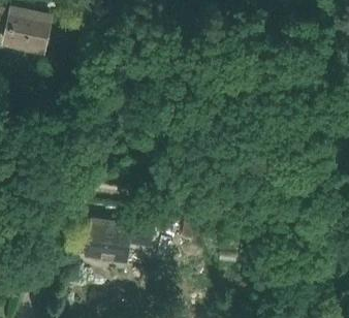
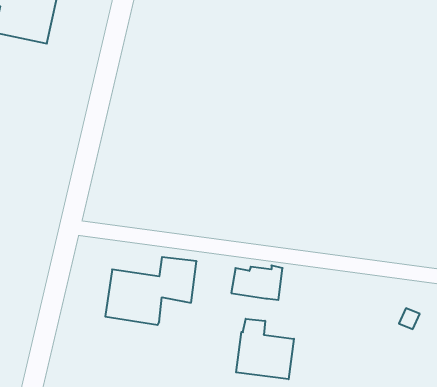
building: none -> [236,319,294,379]

